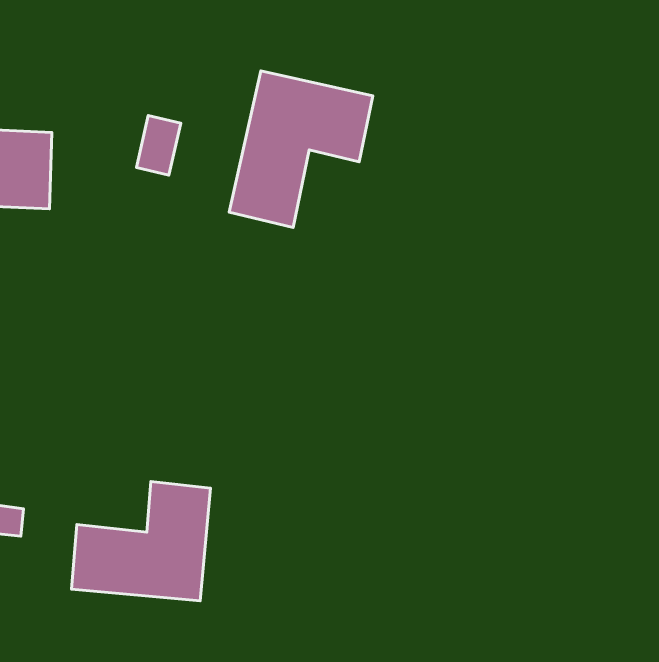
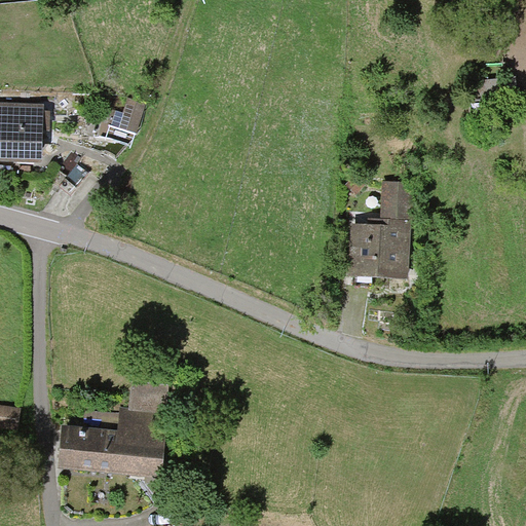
building: [229,71,373,227] -> none
building: none -> [347,182,413,279]

